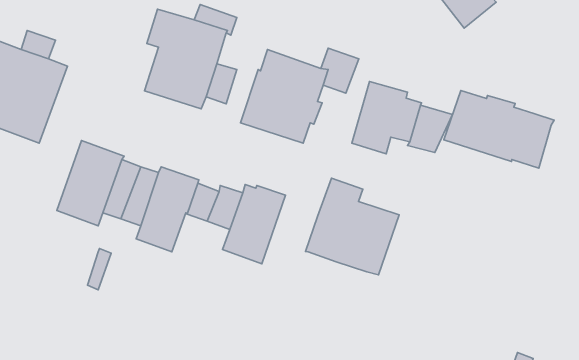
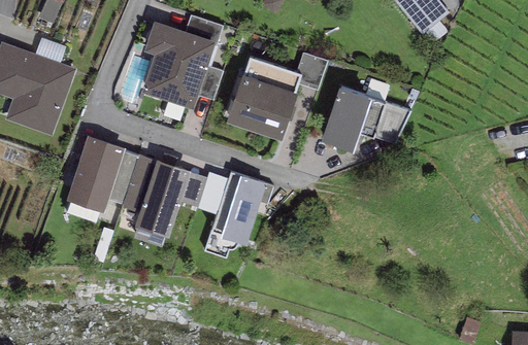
building: [444,90,554,168] -> none
building: [306,178,399,275] -> none

